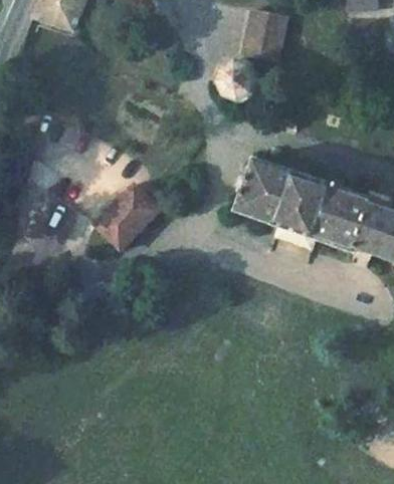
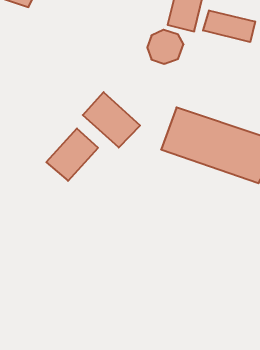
building: none -> [203,10,255,42]
building: none -> [83,92,140,148]

